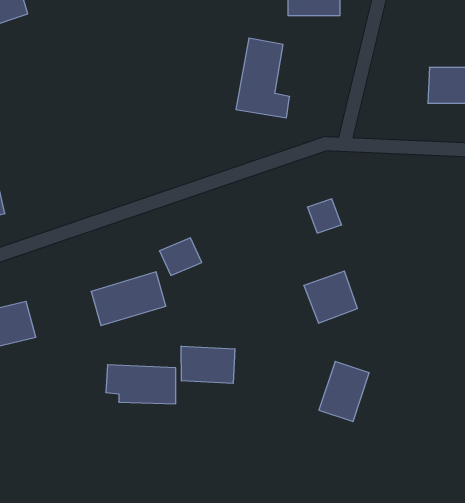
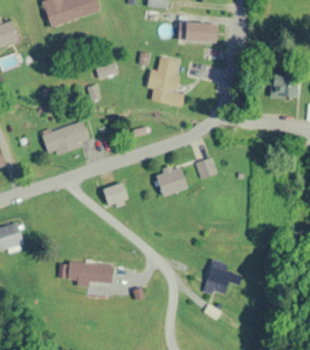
building: [304,271,357,323] -> [154,164,188,197]
building: [91,272,166,326] -> [42,121,89,155]
building: [181,346,235,383] -> none

